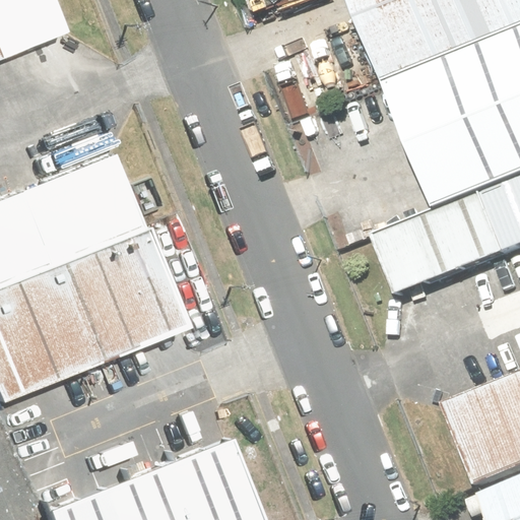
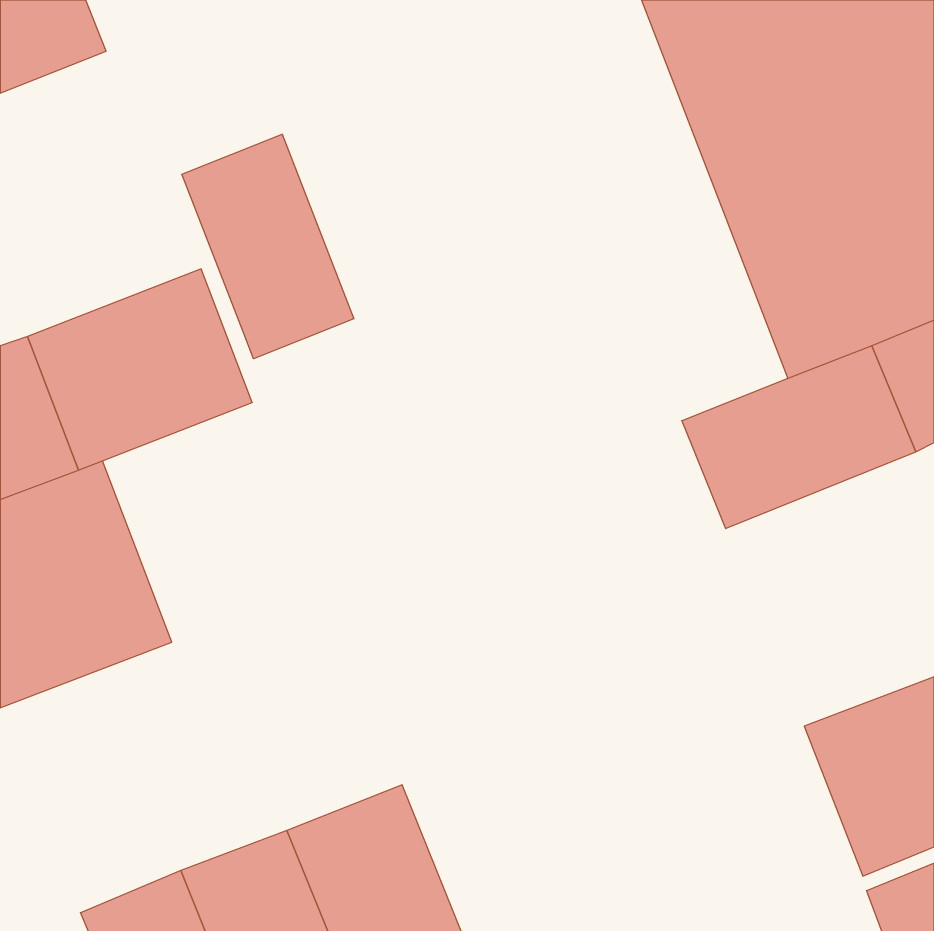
building: none -> [182,134,354,359]
building: [57,225,180,359] -> none

